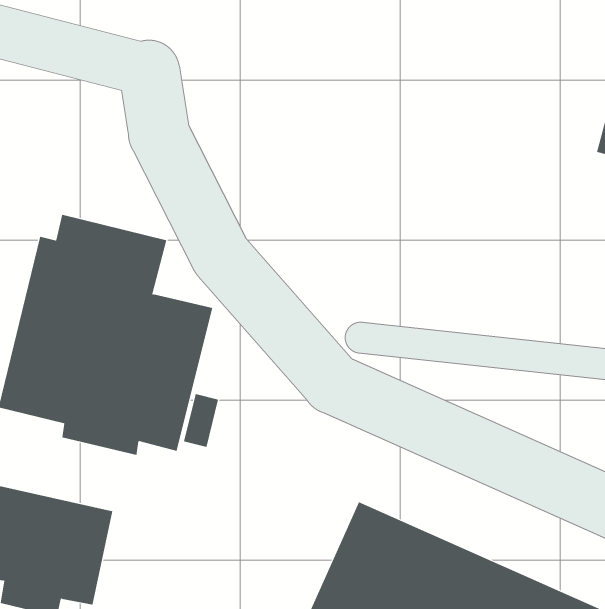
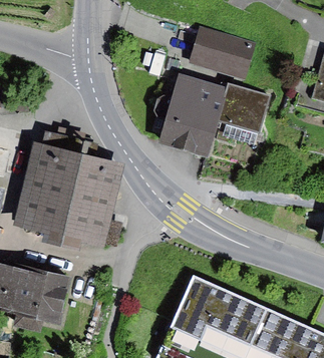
building: none -> [191,30,252,78]
building: none -> [158,74,270,157]

